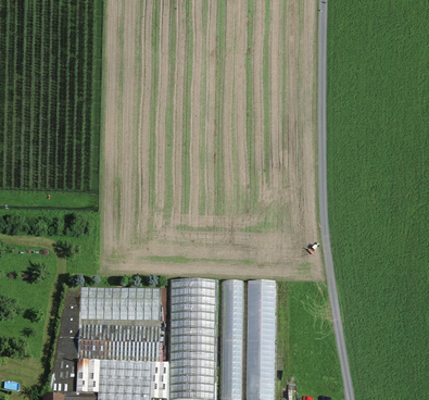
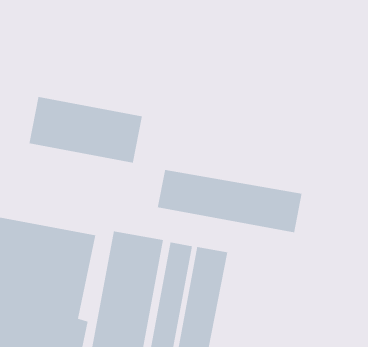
building: none -> [29,96,143,164]
building: none -> [157,169,302,233]

